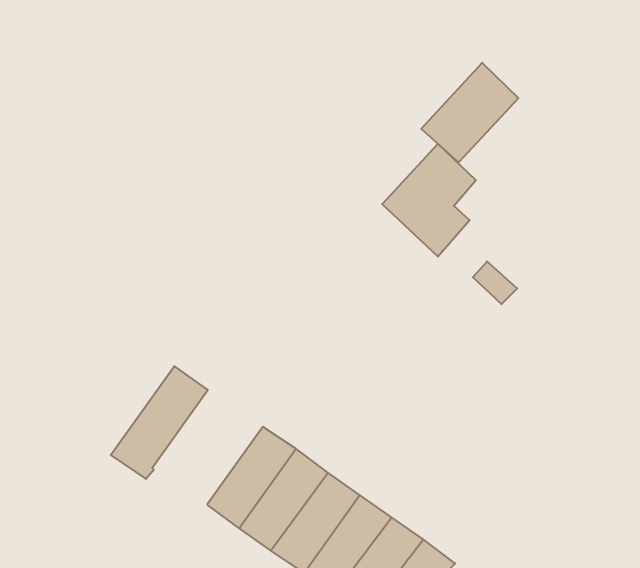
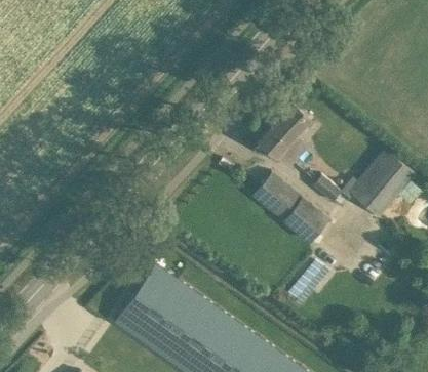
building: [421,63,518,162] -> none
building: none -> [351,152,415,217]
building: none -> [251,172,328,243]
building: [111,366,208,479] -> [113,264,176,337]

